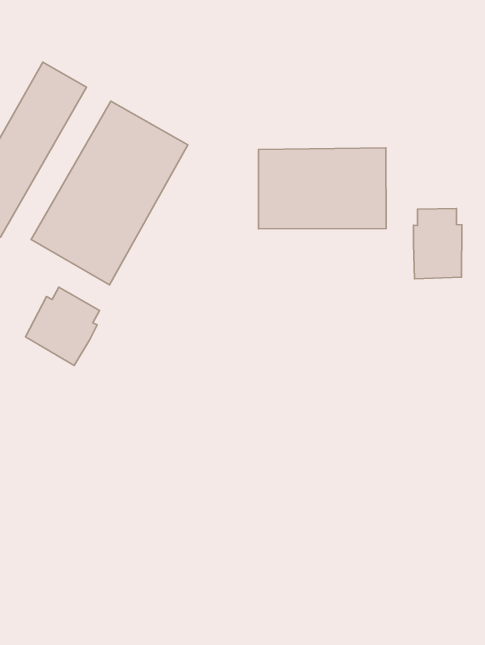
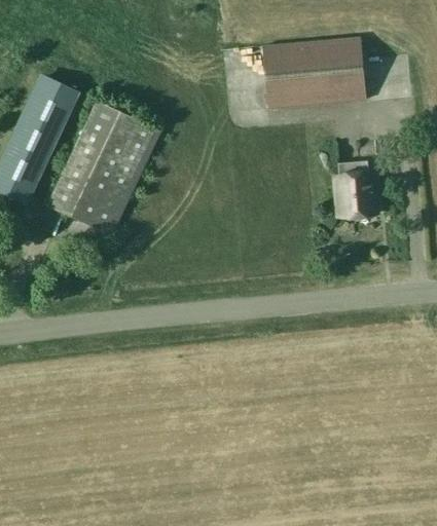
building: [258,148,386,229] -> [263,38,366,108]
building: [25,287,100,365] -> none

